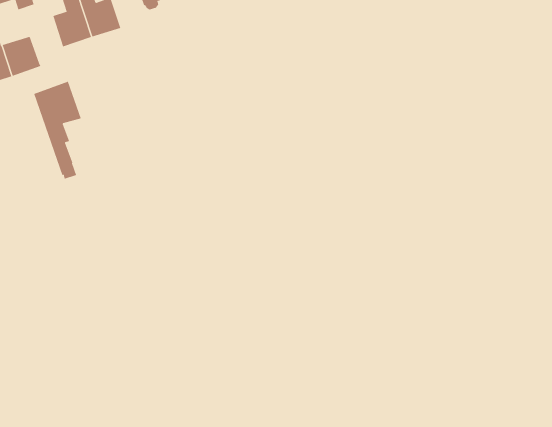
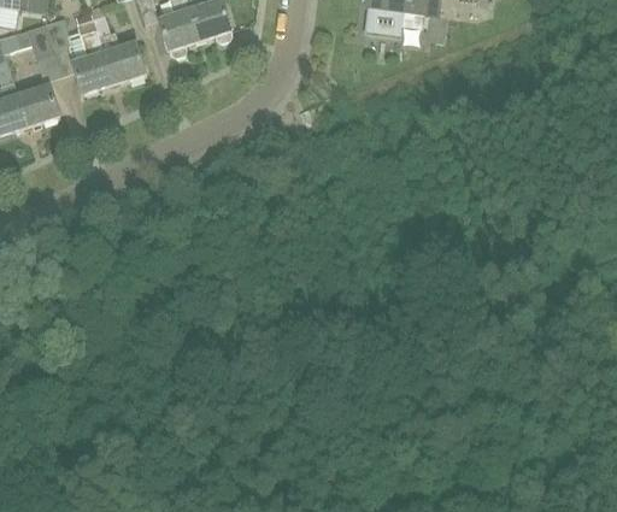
building: [33,81,81,180] -> none

